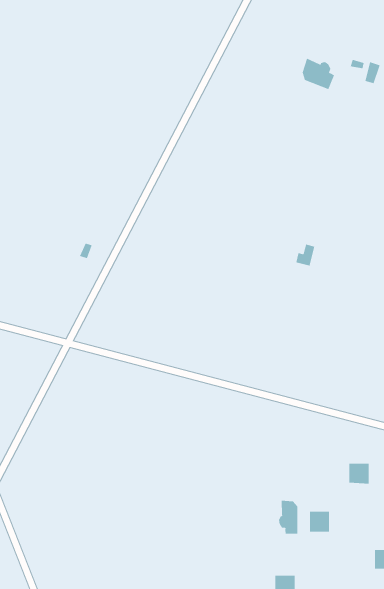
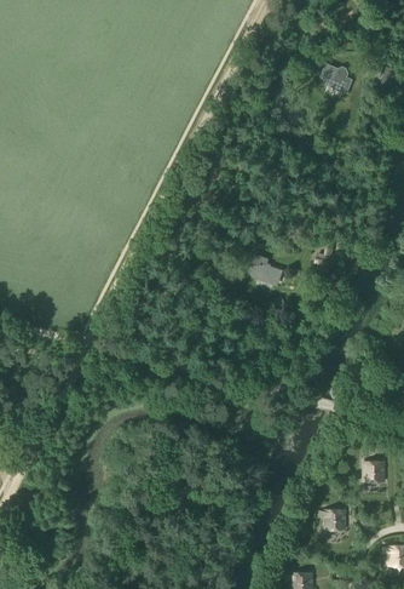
building: none -> [247,252,282,285]
building: [278,500,298,534] -> none

